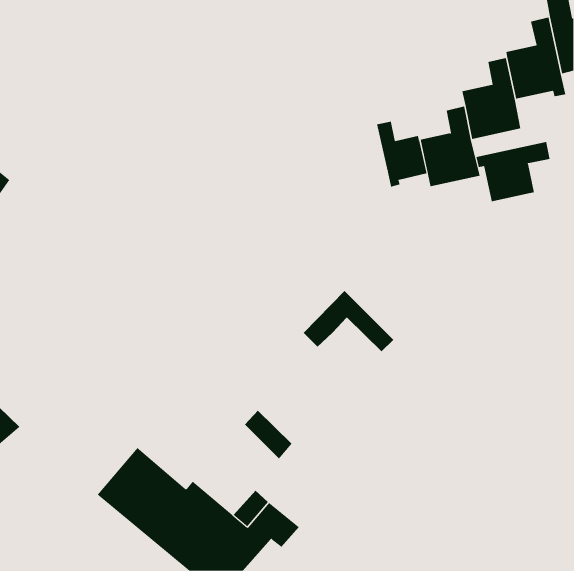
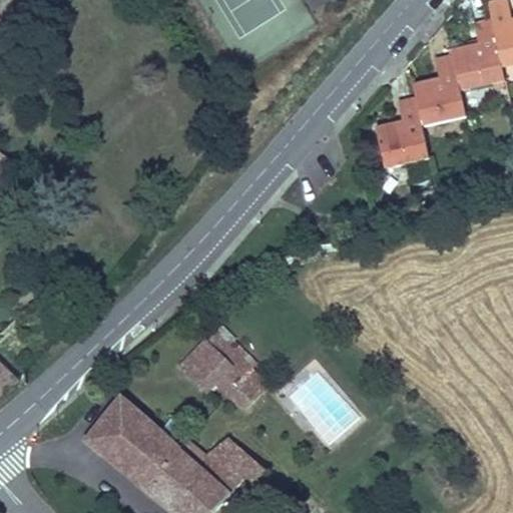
building: [377,121,427,187] -> none
building: [476,141,550,202] -> none
building: [303,290,394,352] -> [190,340,272,395]

